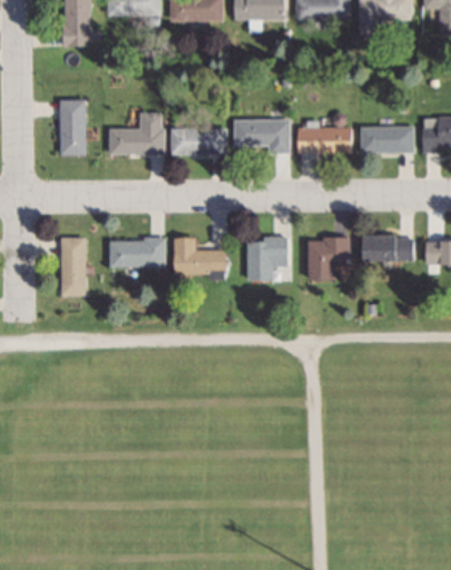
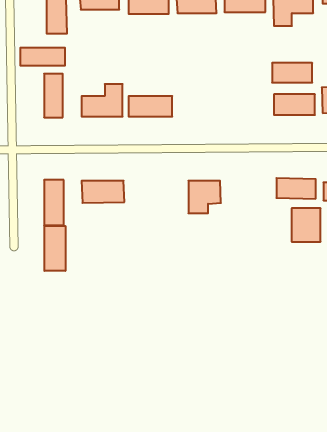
building: none -> [20,48,65,66]
building: [235,119,290,153] -> none
building: [298,126,351,151] -> [272,63,312,83]
building: [311,236,349,279] -> [292,208,321,242]
building: [175,237,227,274] -> none
building: none -> [44,226,65,271]

